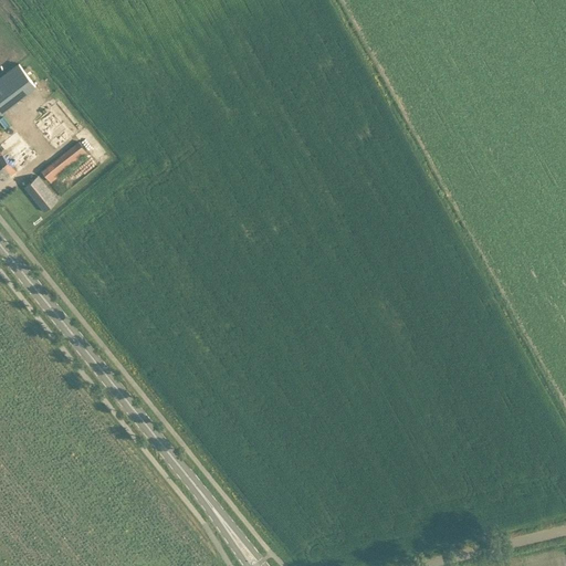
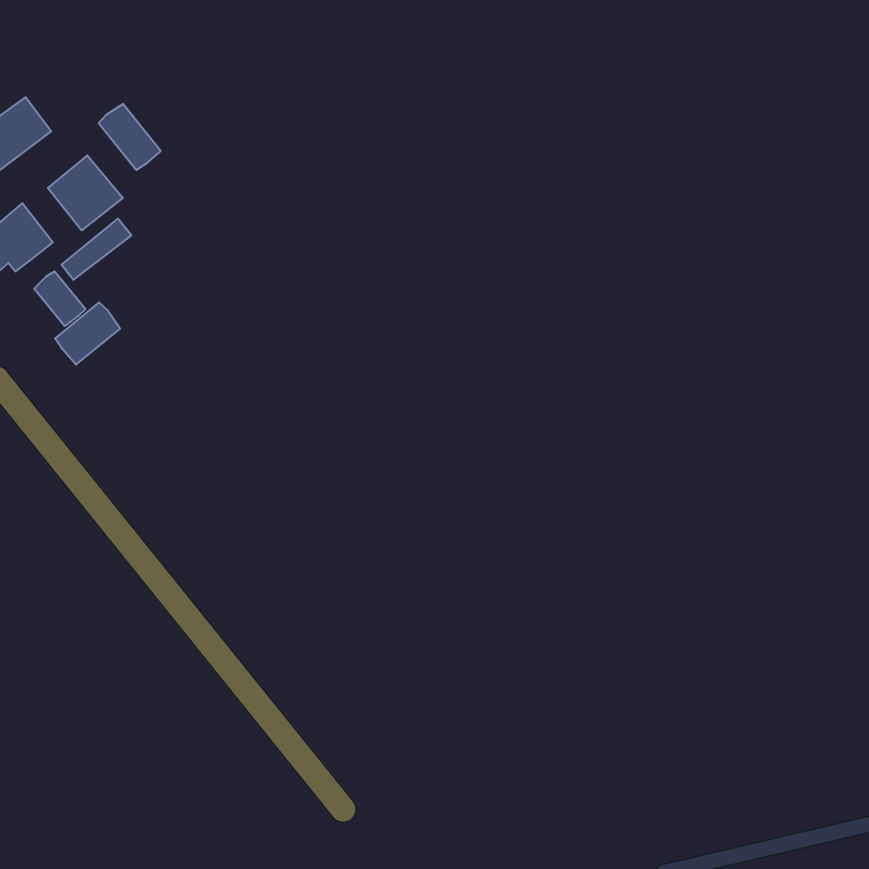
building: none -> [99,104,161,170]
building: none -> [55,302,120,365]

